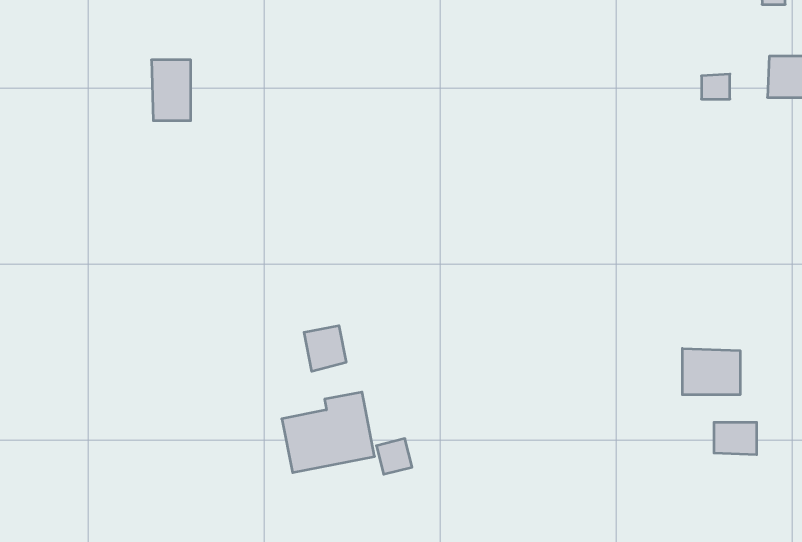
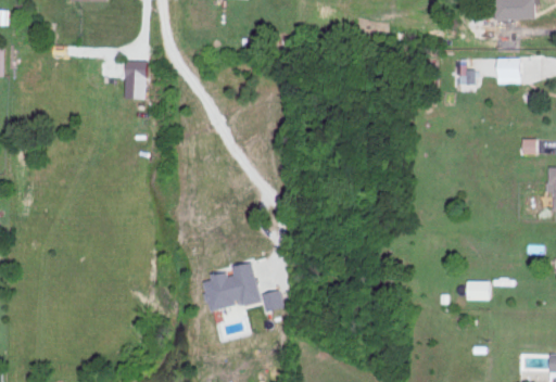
building: [304,326,346,371] -> none
building: [682,348,740,395] -> none

